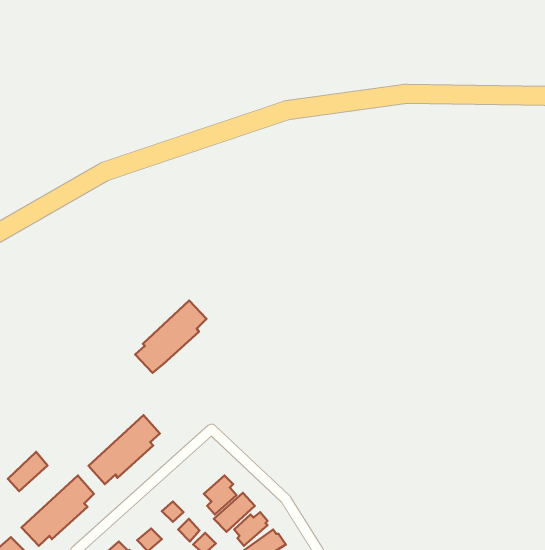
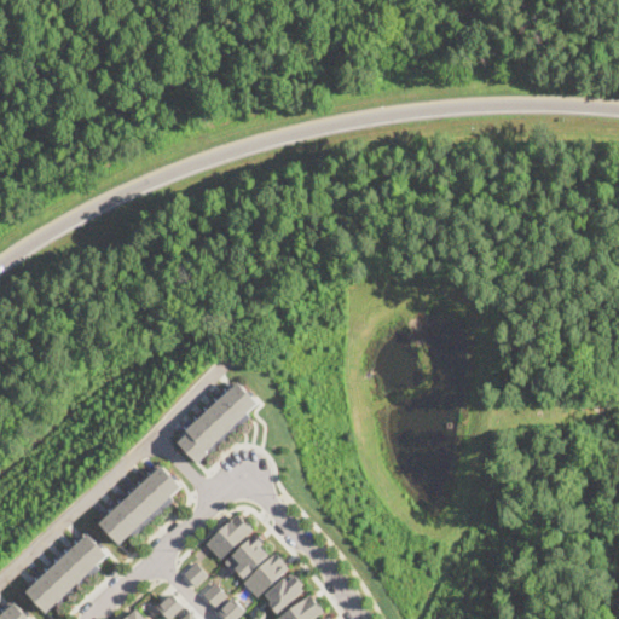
building: [135,301,206,373] -> [177,382,256,463]
building: [8,452,47,491] -> none
building: none -> [203,514,250,560]

